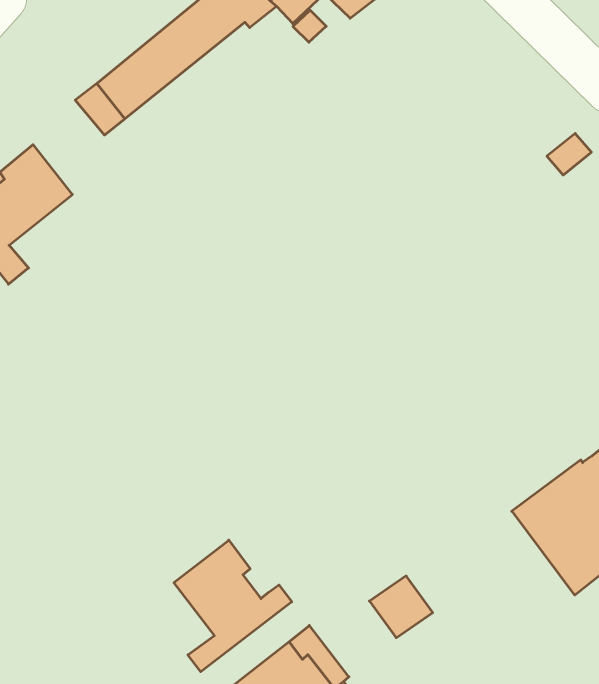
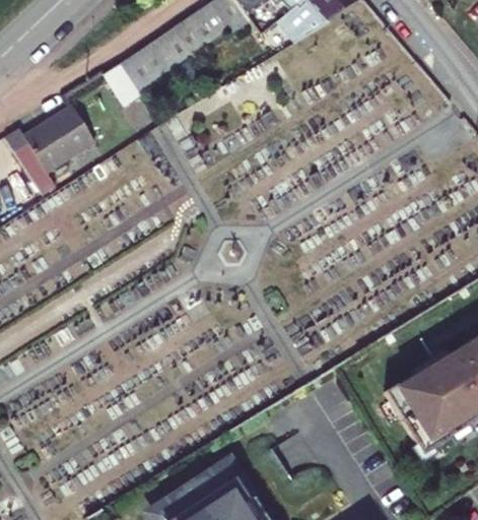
building: [174,540,292,672] -> none

